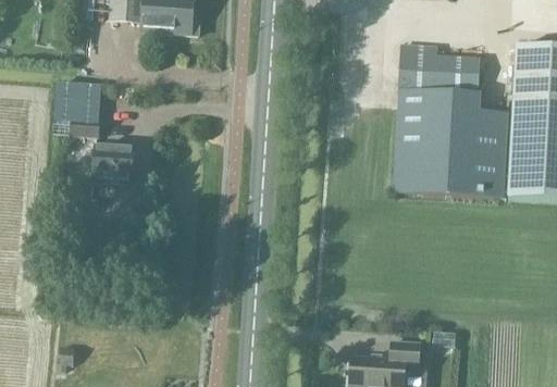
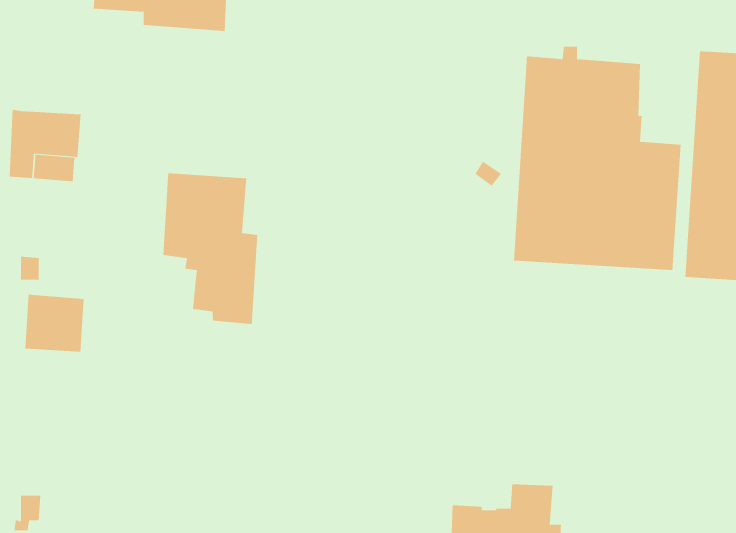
building: none -> [163,172,258,325]
building: [92,141,133,180] -> [25,294,84,352]

